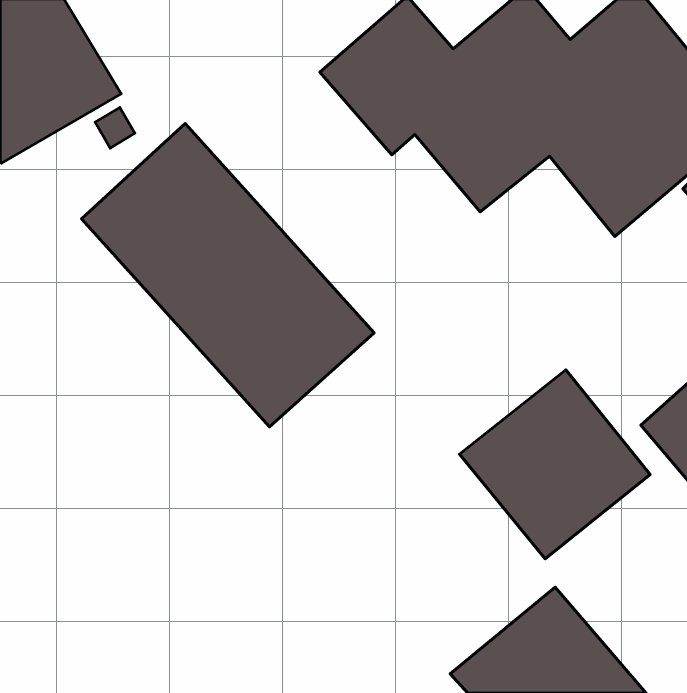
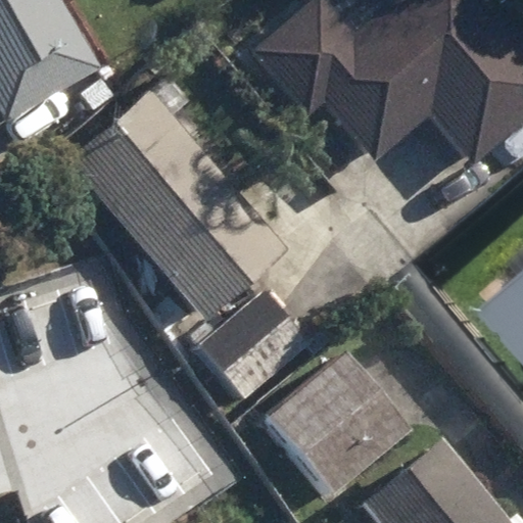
building: [460,370,650,559] -> [269,350,412,492]
building: none -> [206,288,317,396]

